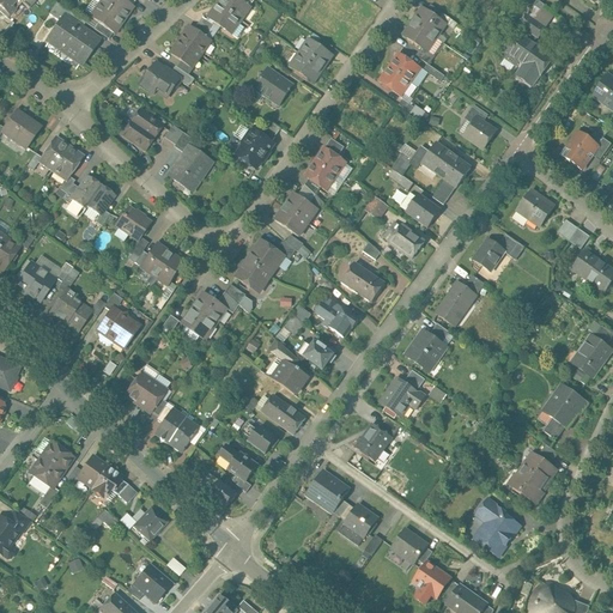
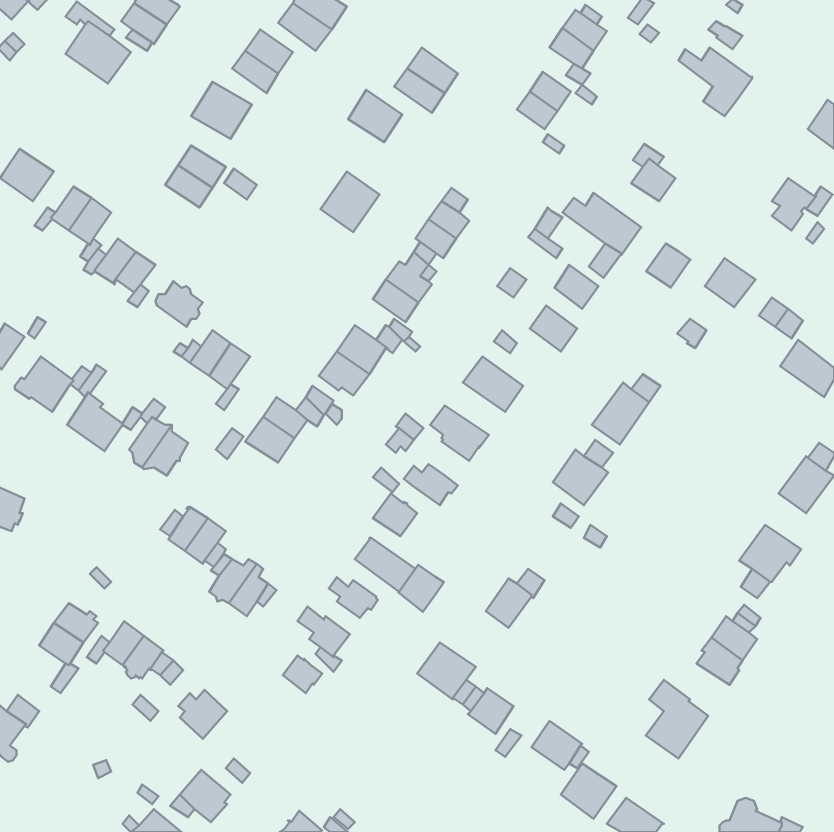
building: [166,141,214,192] -> none
building: [472,238,504,271] -> [646,243,690,288]
building: [378,377,424,417] -> none
building: none -> [399,565,444,612]

